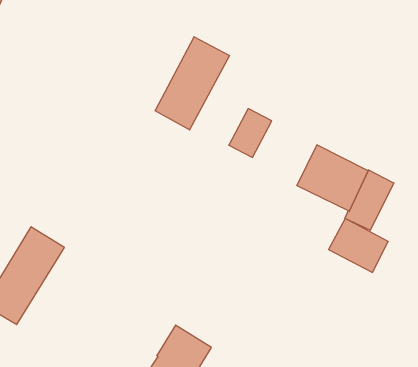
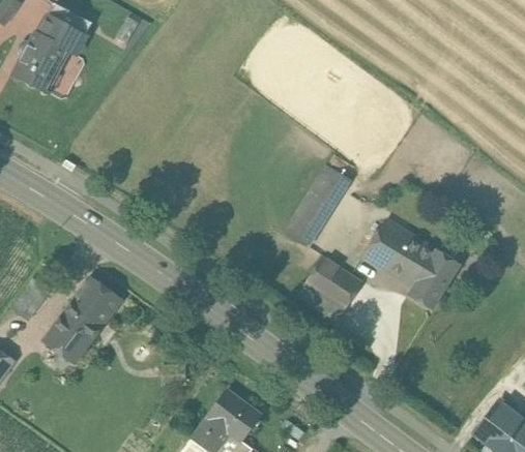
building: [155,37,229,130] -> none
building: none -> [285,211,320,245]
building: [329,218,388,272] -> [302,254,363,311]

